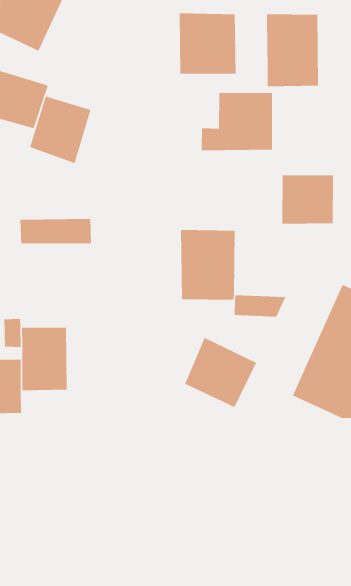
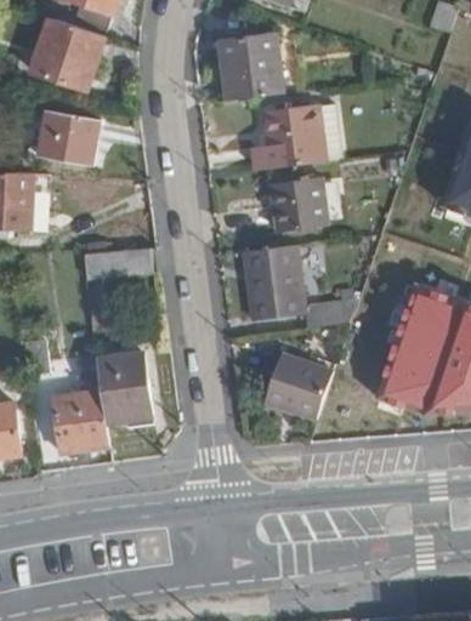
building: [266,14,319,87] -> none
building: [29,96,92,164] -> none
building: [282,174,334,224] -> [273,176,329,230]

